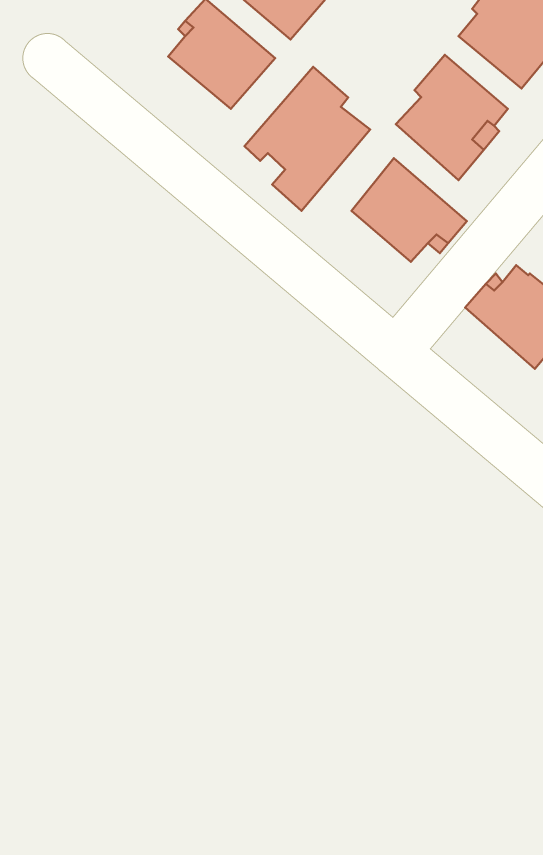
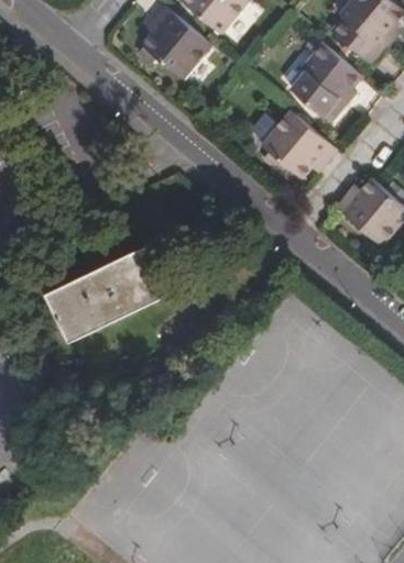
building: [245,67,370,211] -> none
building: none -> [54,253,173,345]

